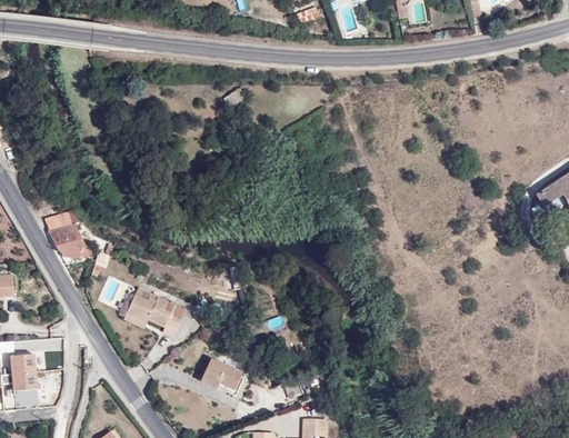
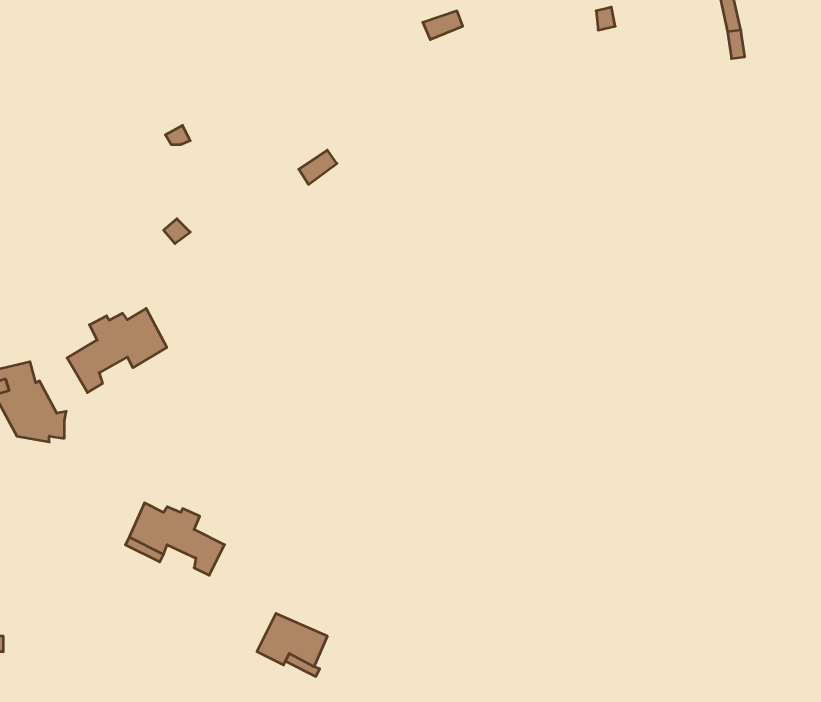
building: none -> [67,308,167,393]

